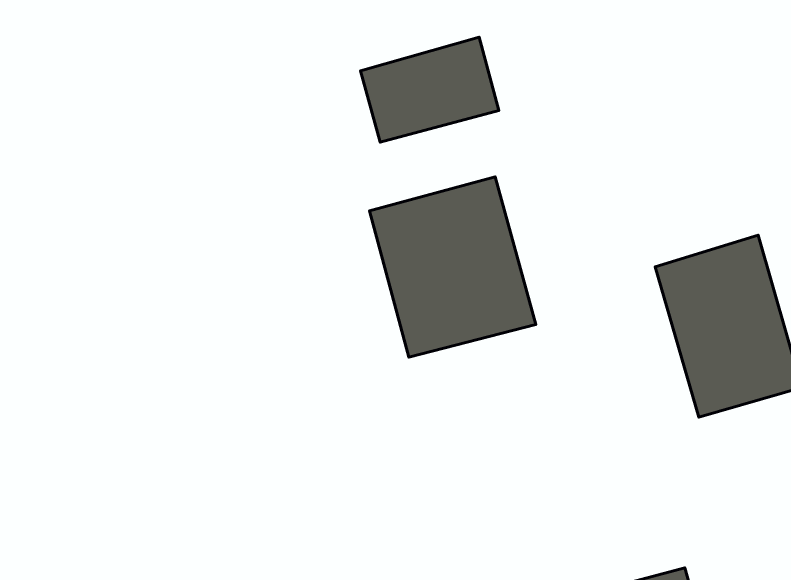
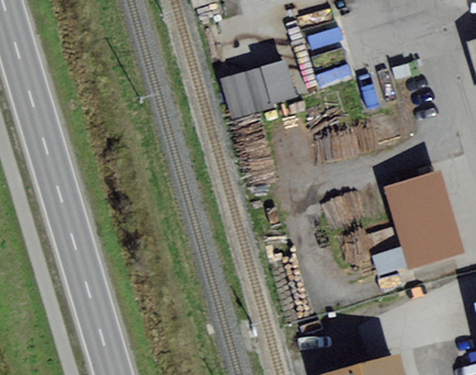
building: [369,177,536,357] -> none

